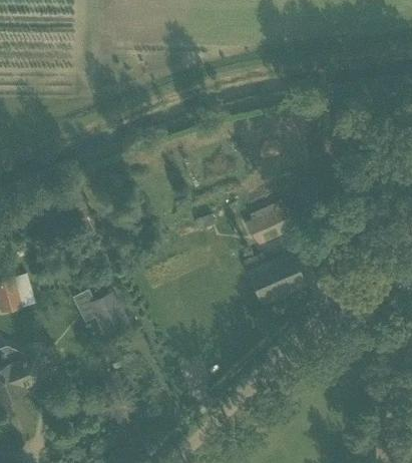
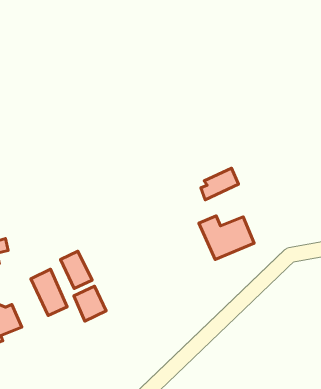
building: none -> [31,269,67,316]
building: none -> [74,286,106,321]

